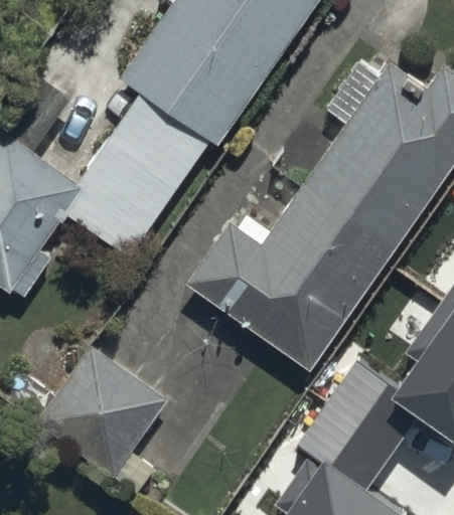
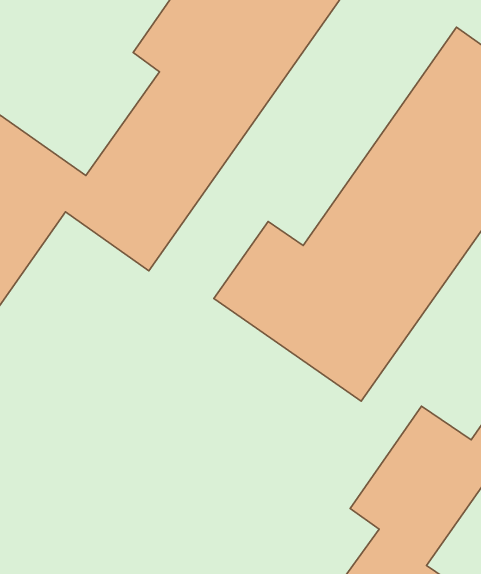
building: [36,349,167,482] -> none

